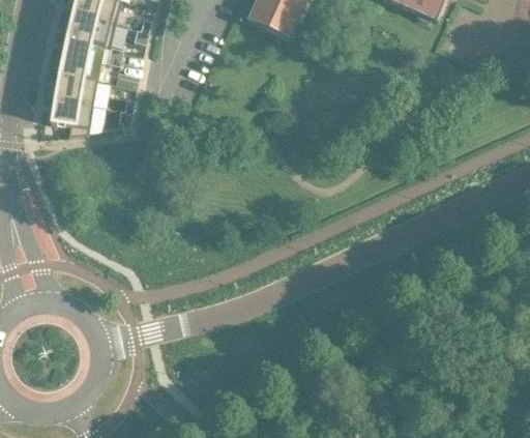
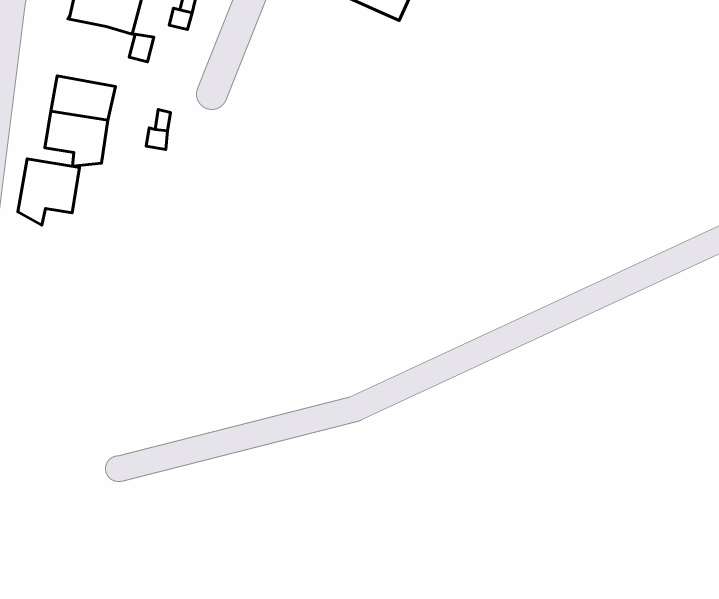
building: [57,35,96,81] -> none
building: none -> [18,159,79,225]

